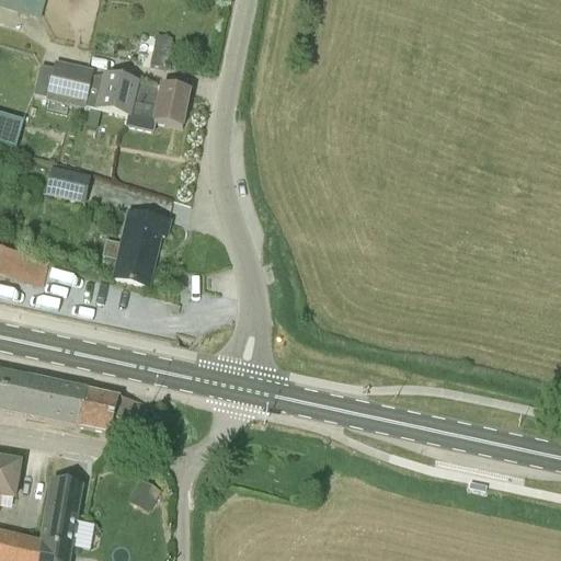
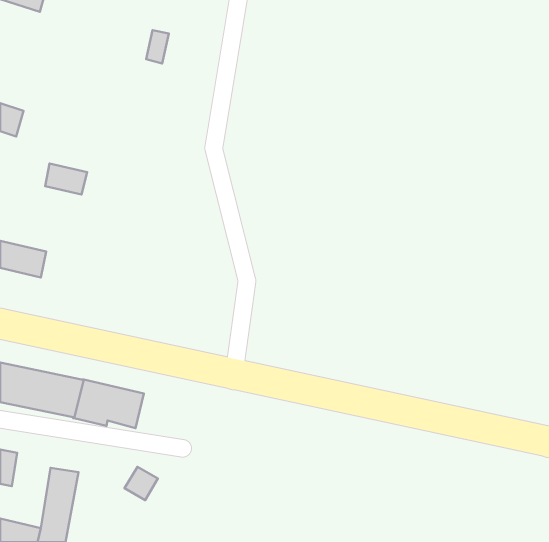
building: [46,65,91,103] -> none
building: [98,70,188,128] -> none
building: [103,208,168,282] -> none

